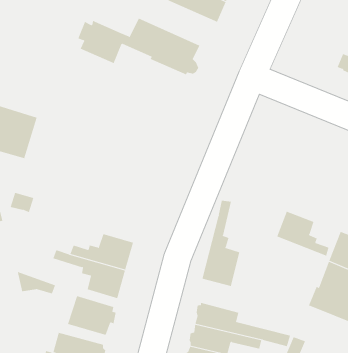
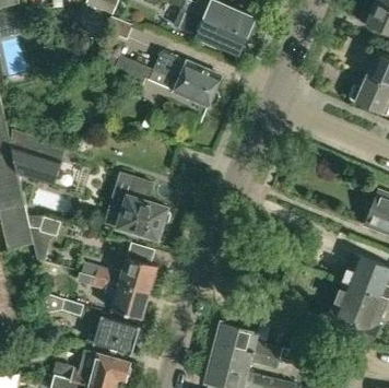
building: none -> [104,172,168,239]
building: [202,200,240,287] -> none
building: [277,211,329,256] -> none

